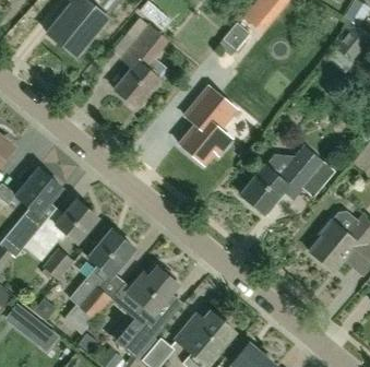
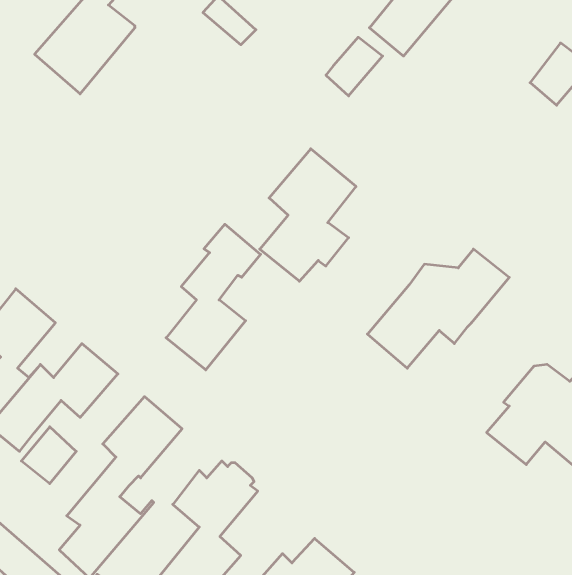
building: [115,24,169,108] -> [166,224,261,370]

